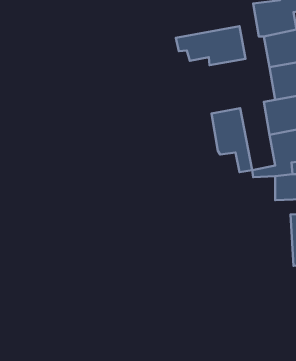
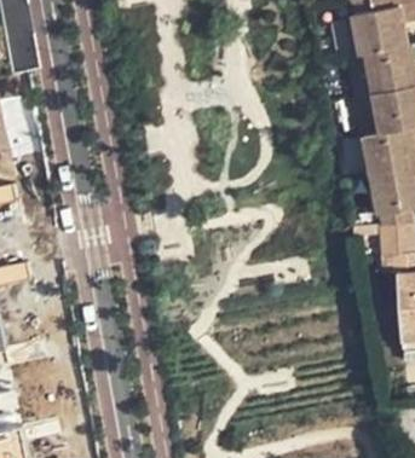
building: [176,26,245,65] -> none
building: [212,108,252,172] -> none

